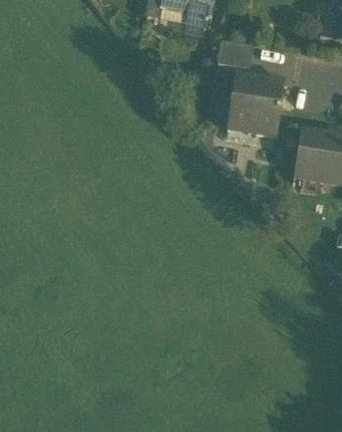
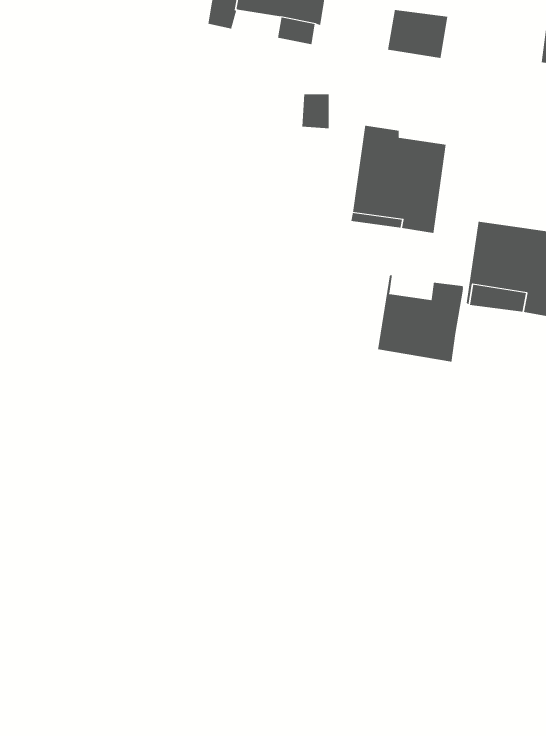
building: [218,41,253,69] -> [387,10,448,58]
building: none -> [378,274,463,362]

